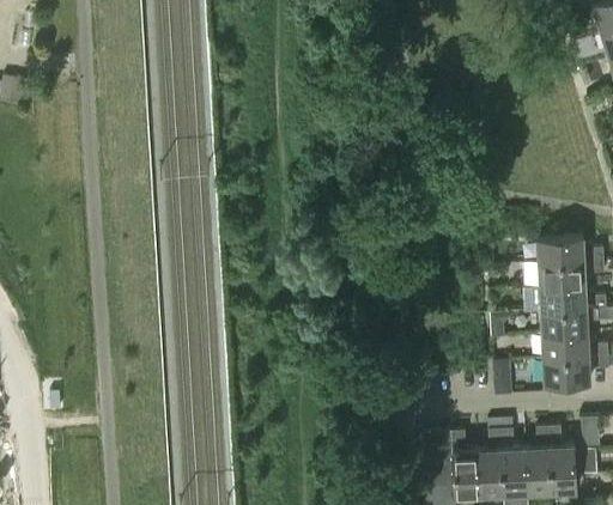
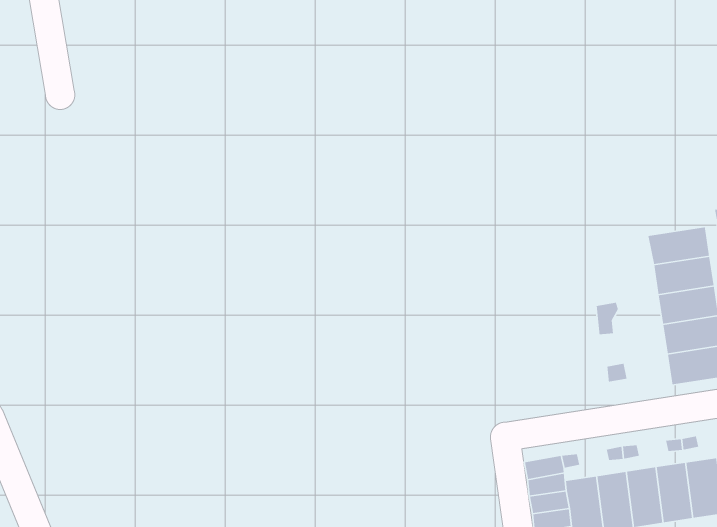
building: [536,236,584,263] -> none

